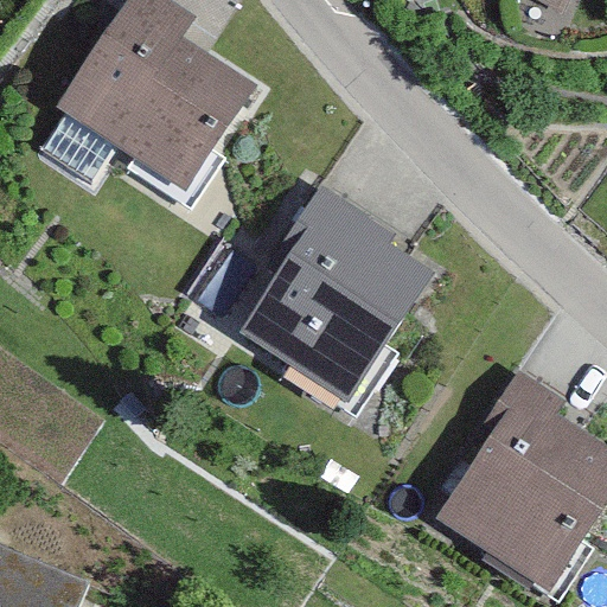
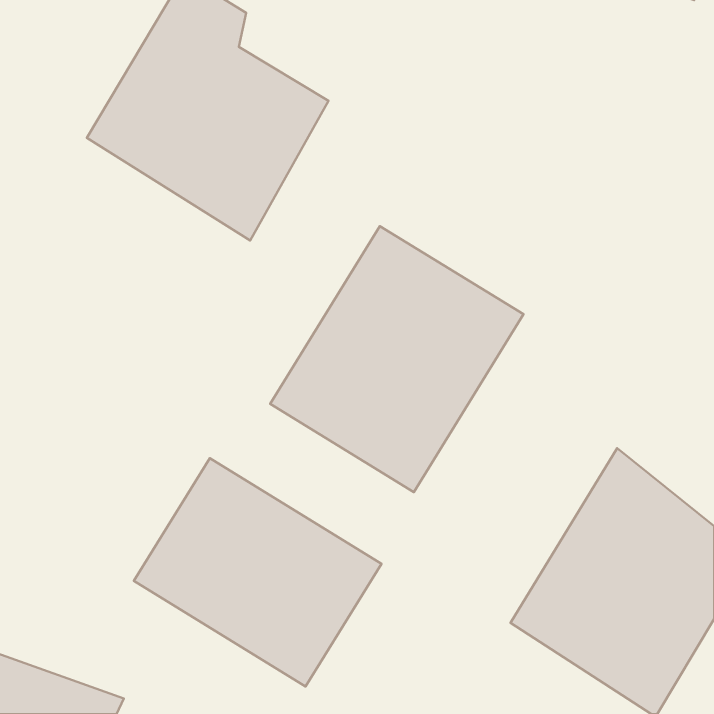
building: none -> [134,458,381,687]

